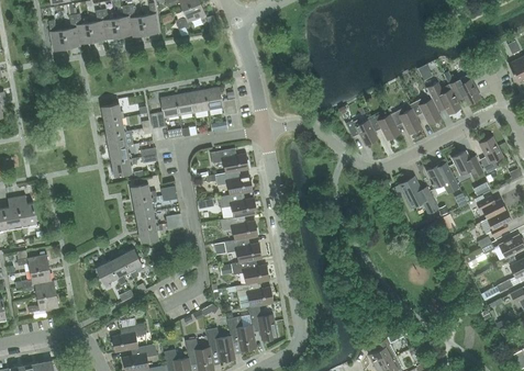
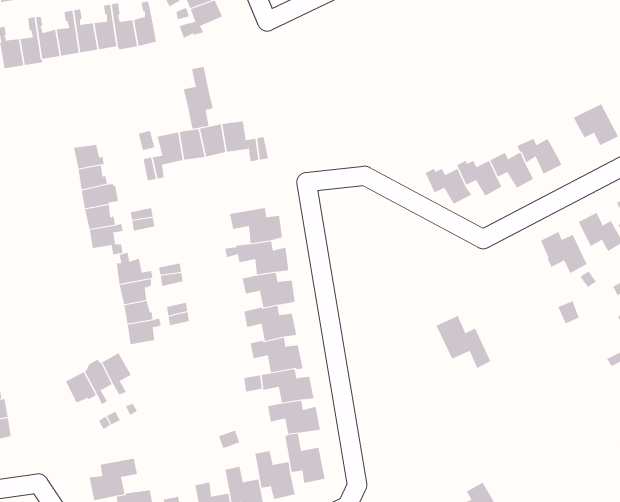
building: none -> [183,66,213,130]
building: [426,81,461,114] -> none
building: [399,177,438,214] -> [434,315,491,369]

